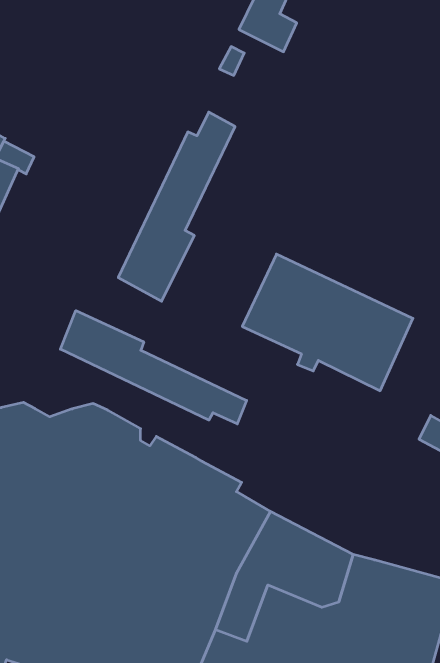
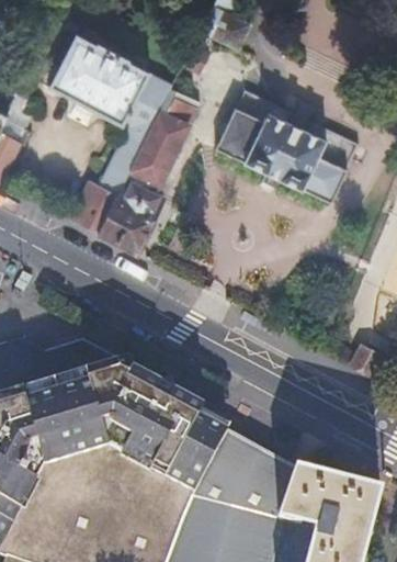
building: none -> [49,37,171,235]
building: [242,254,413,391] -> [216,90,359,204]
building: [60,311,247,424] -> none

